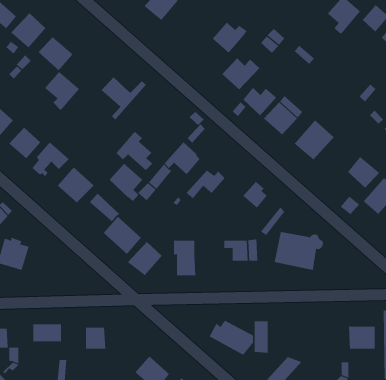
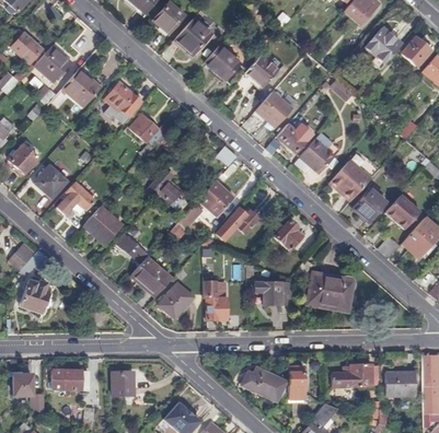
building: none -> [205,45,240,80]
building: [44,71,80,111] -> [105,82,142,124]
building: none -> [353,187,386,221]
building: [109,163,143,202] -> none
building: none -> [333,364,372,387]

